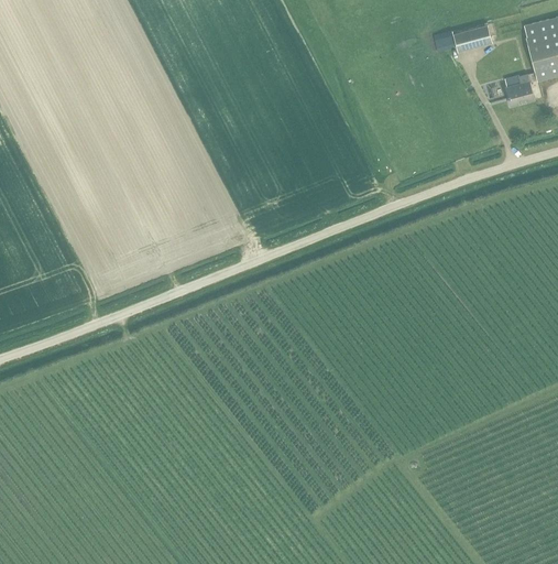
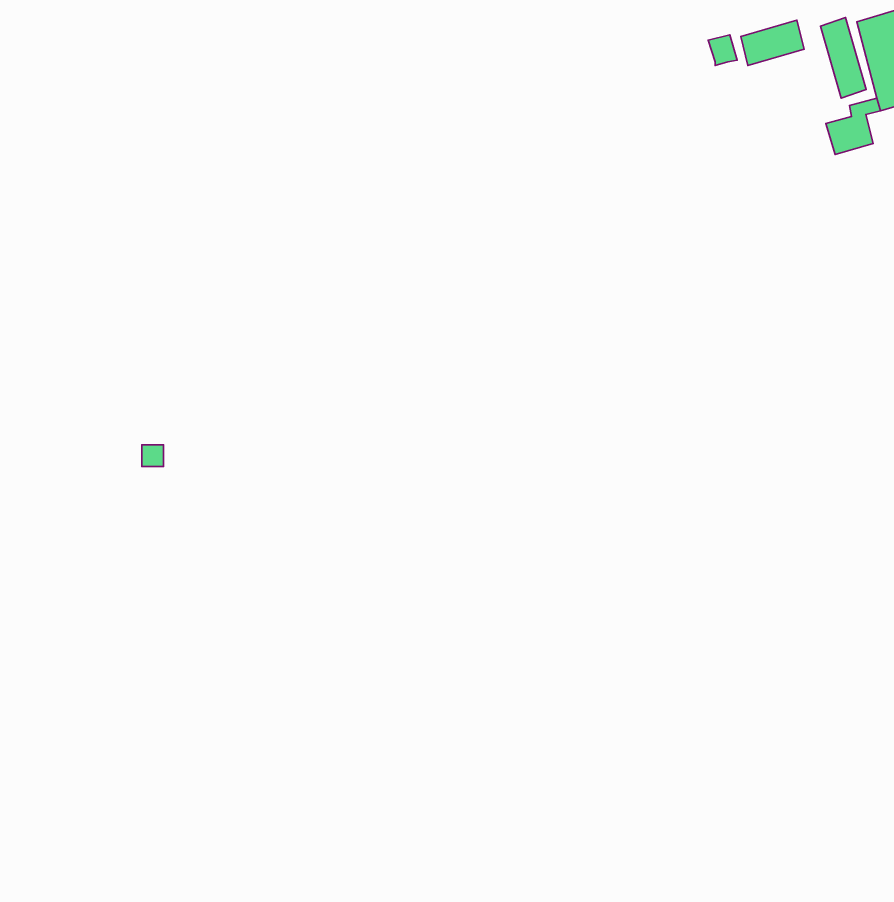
building: none -> [821,17,866,98]

